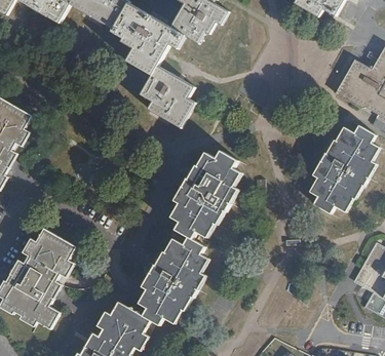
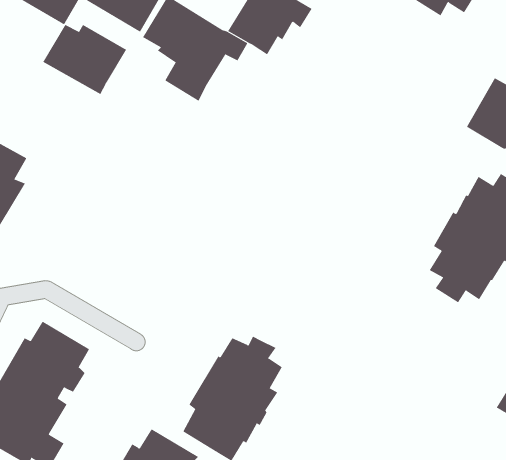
building: none -> [43,24,127,95]
building: [140,65,195,126] -> none
building: [172,150,240,235] -> none

